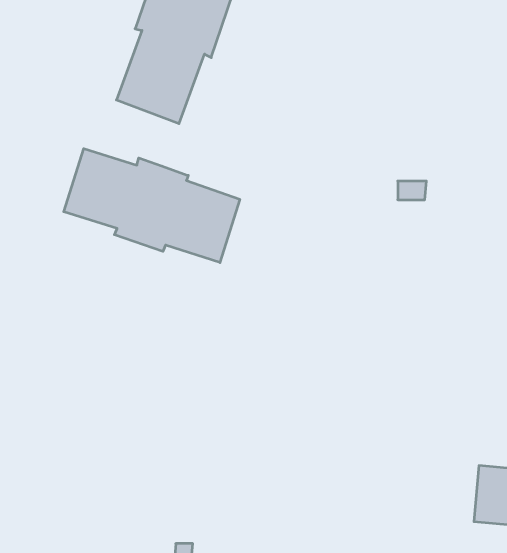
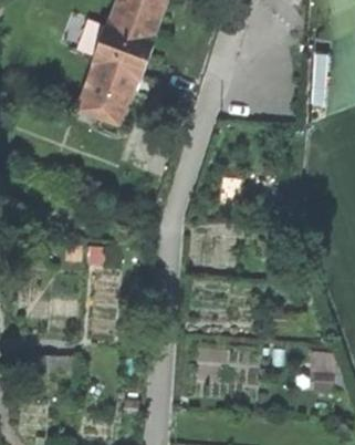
building: [64,149,240,263] -> none

